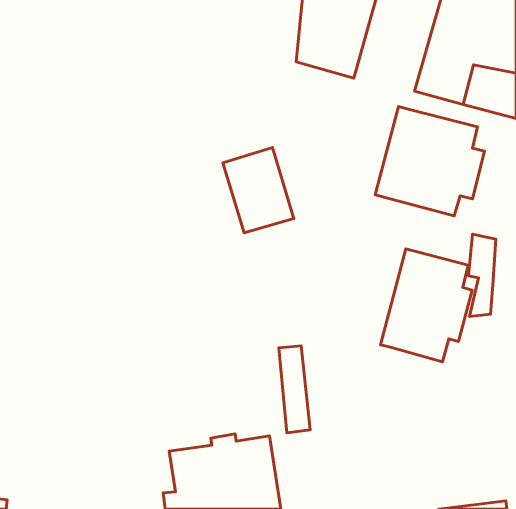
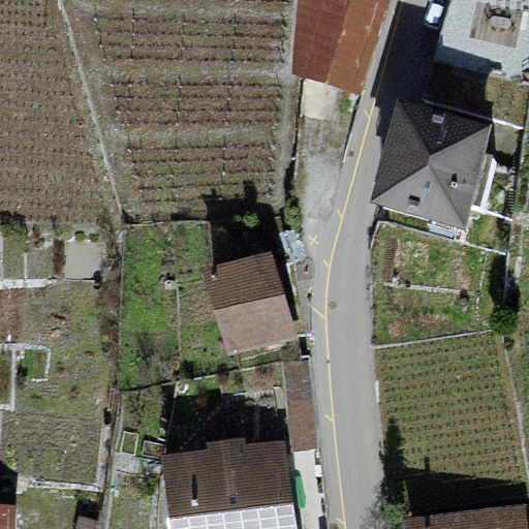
building: [223,148,294,233] -> [212,256,284,343]
building: [380,249,472,362] -> none

